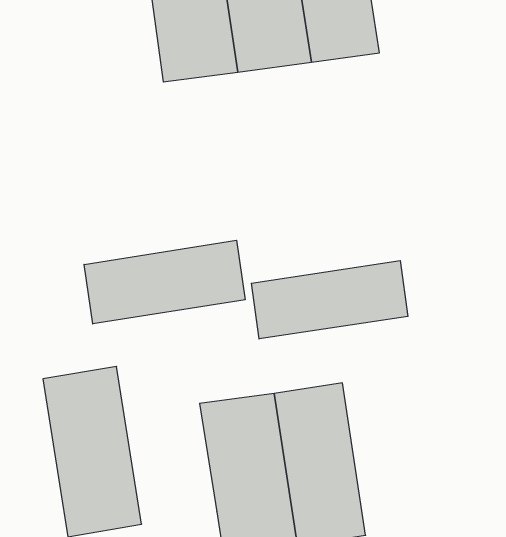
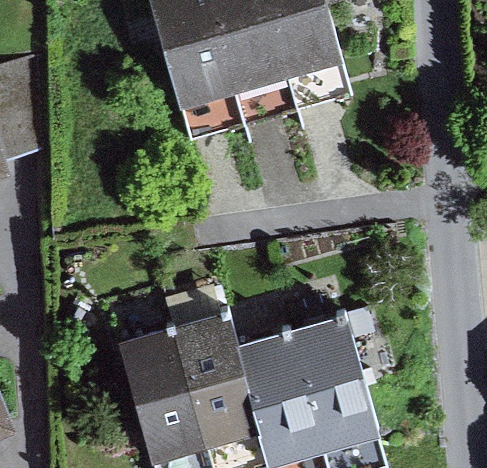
building: [84,240,245,324] -> none
building: [251,261,408,339] -> none
building: none -> [172,306,263,441]

